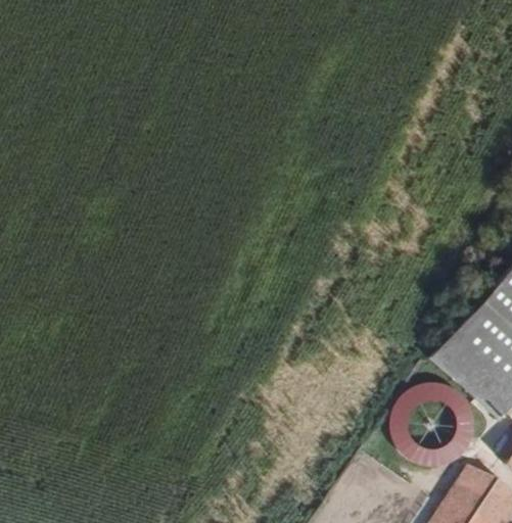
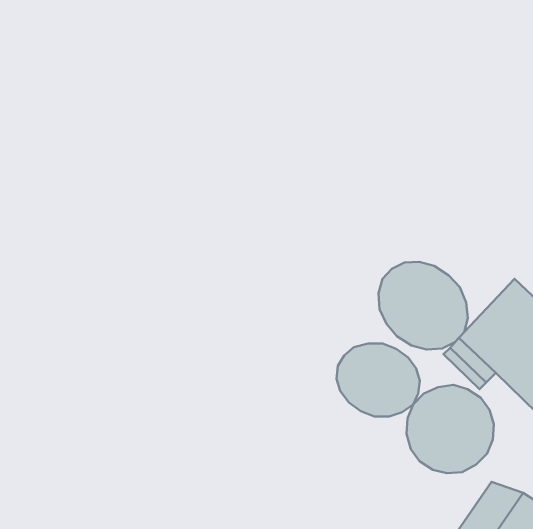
building: none -> [379,262,468,350]
building: none -> [337,344,420,416]

